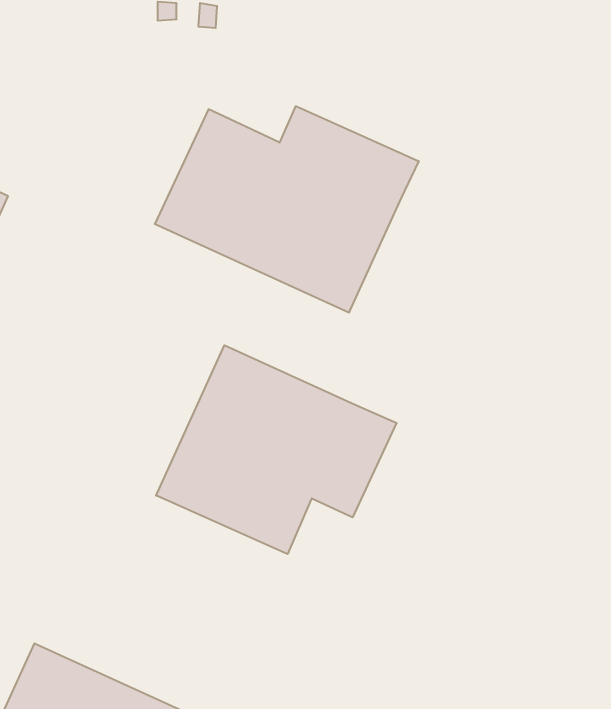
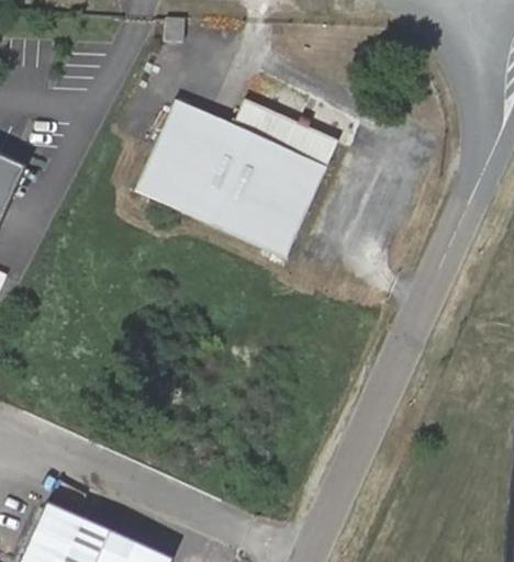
building: [156,345,397,554] -> none

